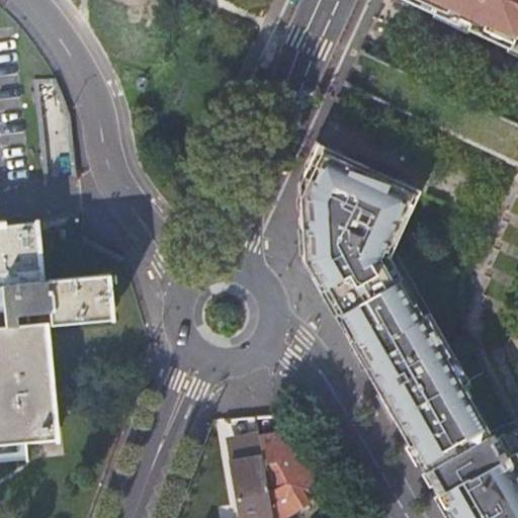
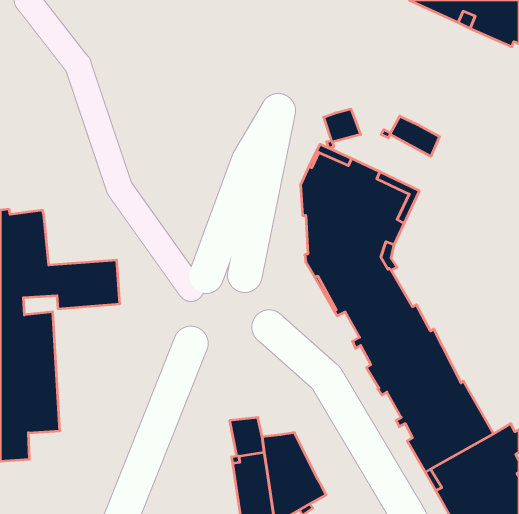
building: none -> [324,109,361,148]
building: none -> [381,116,439,156]

